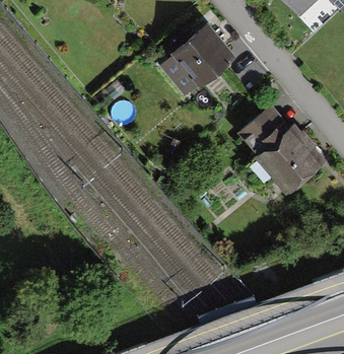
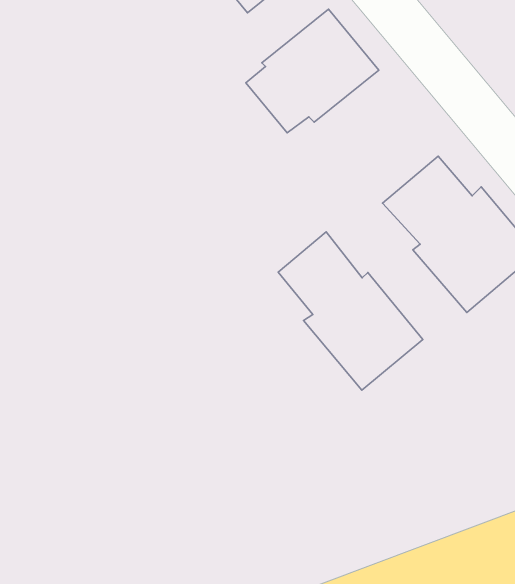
building: none -> [278,232,423,390]

